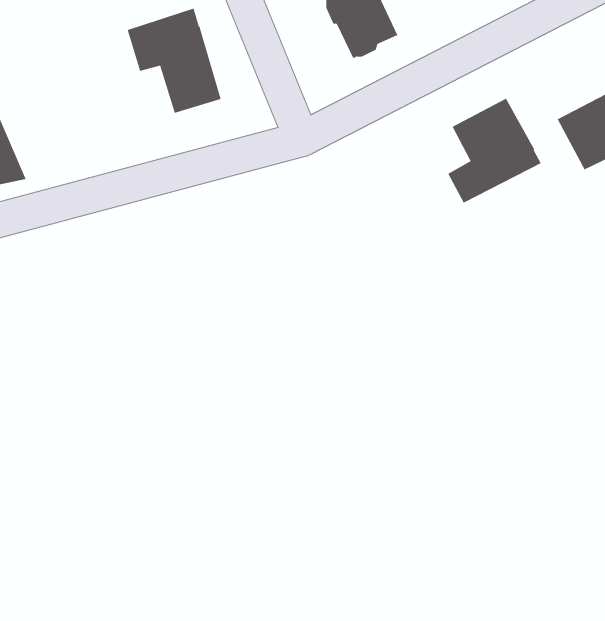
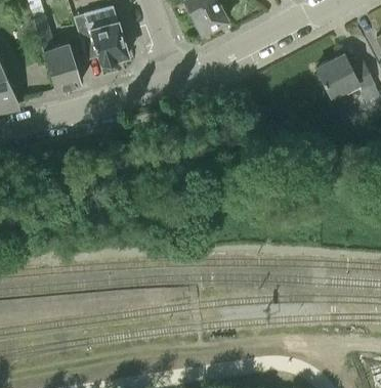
building: none -> [34,14,82,90]
building: [447,98,542,204] -> none

